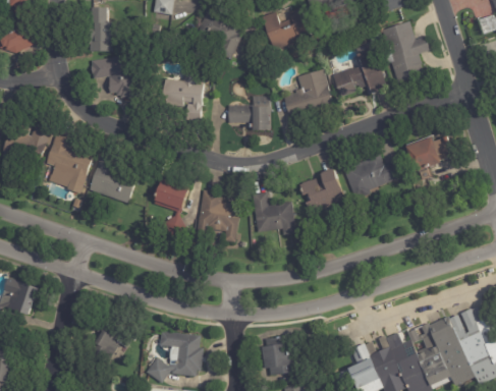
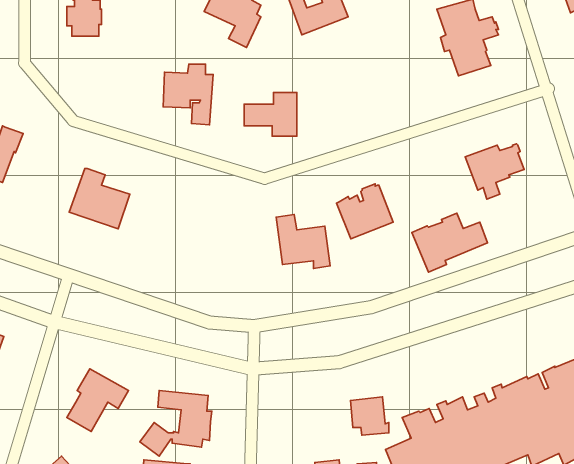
building: [331,44,385,97] -> none
building: [89,54,135,99] -> none
building: [282,69,332,118] -> none
building: [46,135,93,193] -> none
building: [341,153,401,200] -> [412,213,488,272]
building: [152,180,187,237] -> none
building: [196,190,241,243] -> none
building: [260,345,290,376] -> [350,397,389,435]

